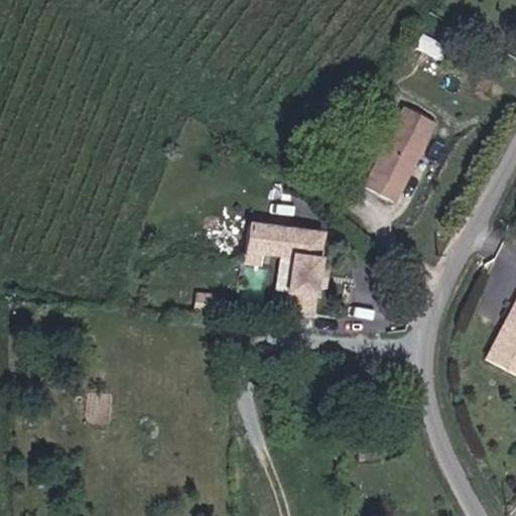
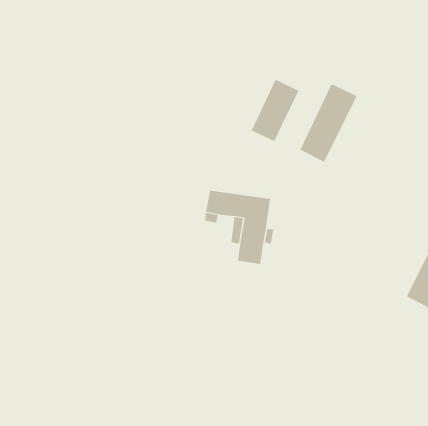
building: none -> [251,79,299,142]

